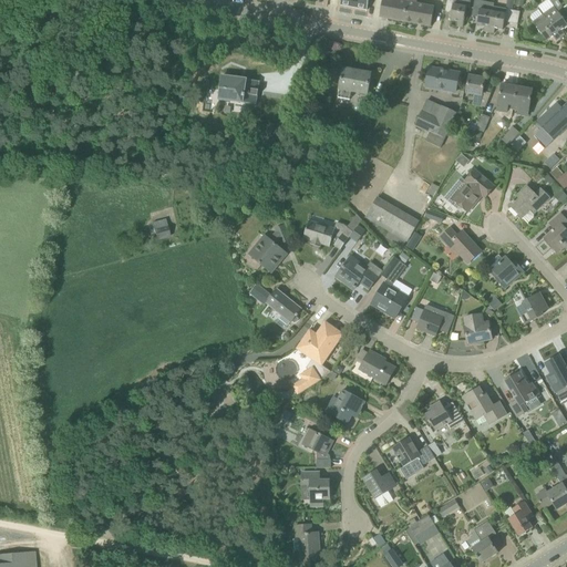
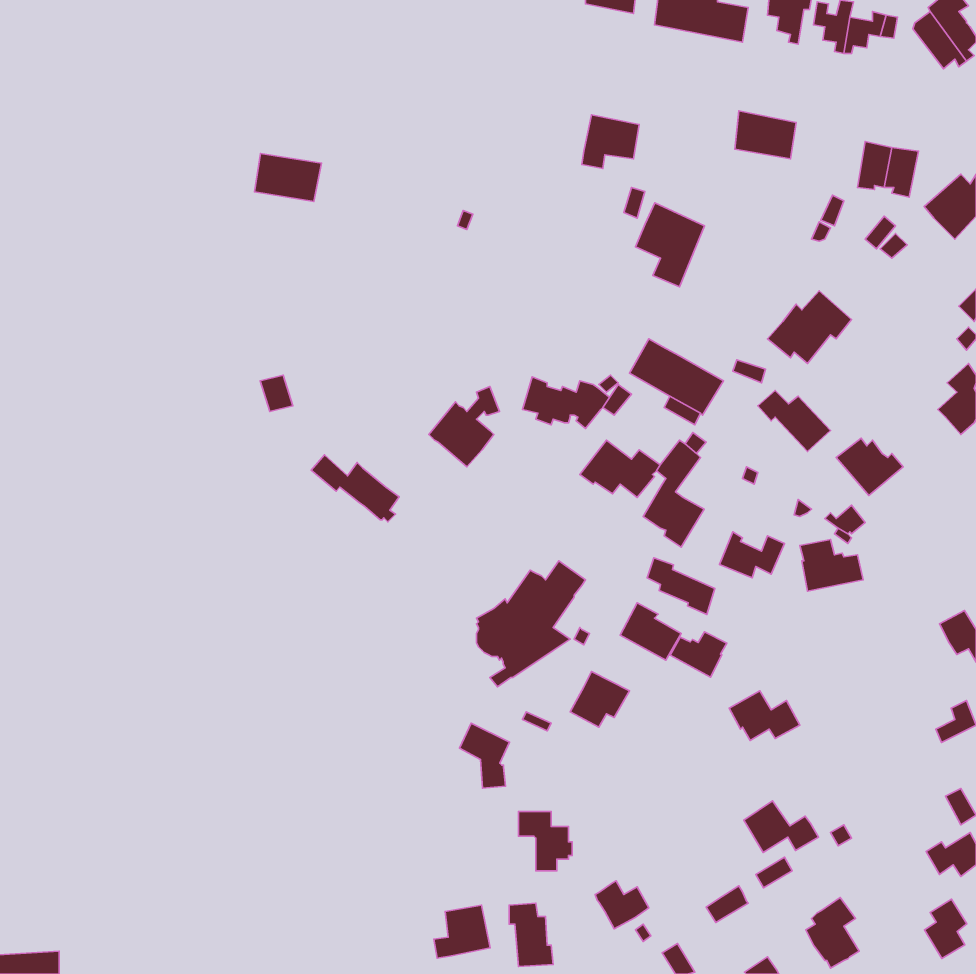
building: [217,73,256,101] -> [255,154,322,201]
building: [465,74,489,106] -> none
building: [415,97,455,146] -> [636,203,704,287]
building: [508,184,549,221] -> none
building: [249,282,300,321] -> [311,455,399,522]
building: [515,291,547,322] -> none
building: none -> [647,558,715,615]
building: none -> [670,632,727,677]
building: [505,371,537,415] -> none
building: [462,385,505,423] -> none
building: [303,429,332,466] -> [460,723,509,788]
building: [391,435,434,465] -> [744,801,819,853]
building: [363,468,394,496] -> [595,881,649,929]
building: [508,499,533,534] -> [925,899,967,958]
building: none -> [434,905,490,958]

